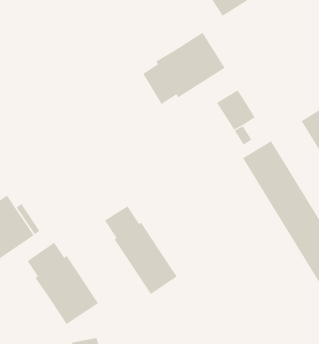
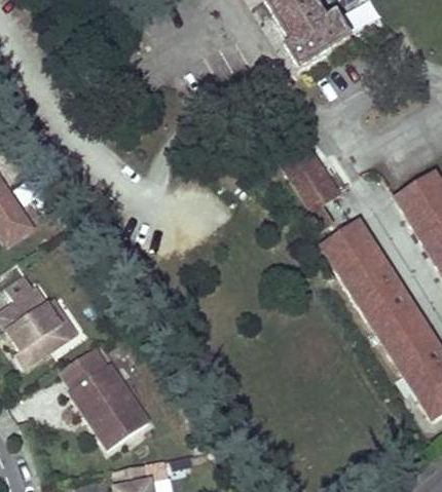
building: [142,32,226,105] -> none
building: [104,205,178,295] -> none

